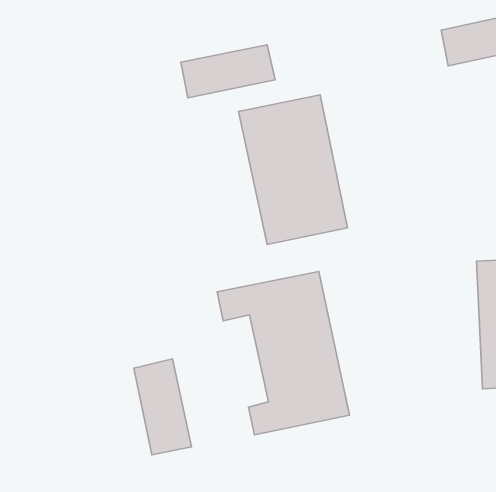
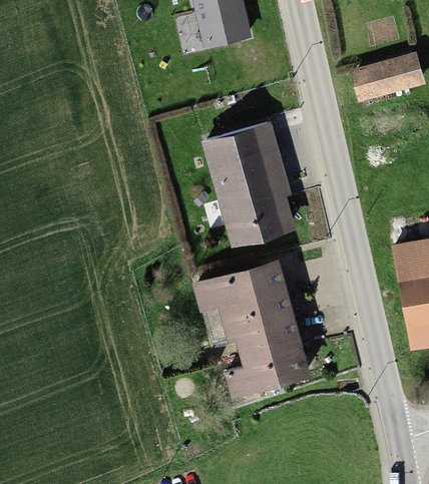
building: [181,45,275,98] -> none
building: [134,359,191,455] -> none

